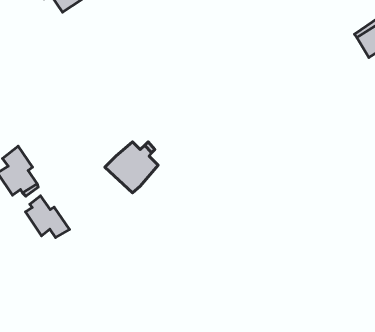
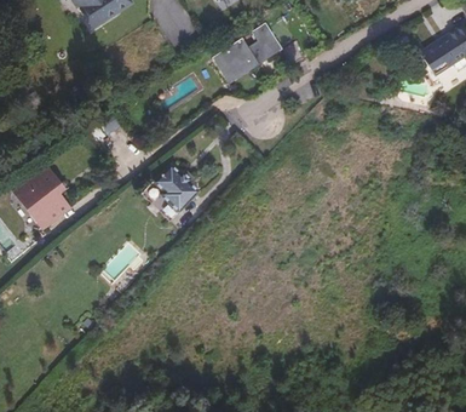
building: none -> [214,27,278,84]
building: [26,196,69,238] -> none

